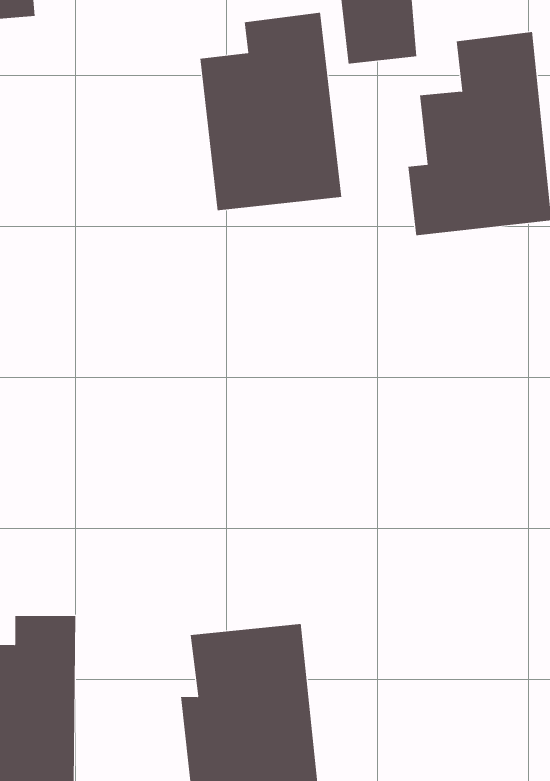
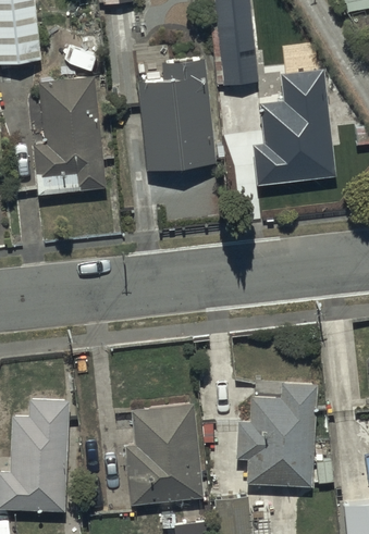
building: none -> [35,76,106,194]
building: none -> [235,383,317,486]

